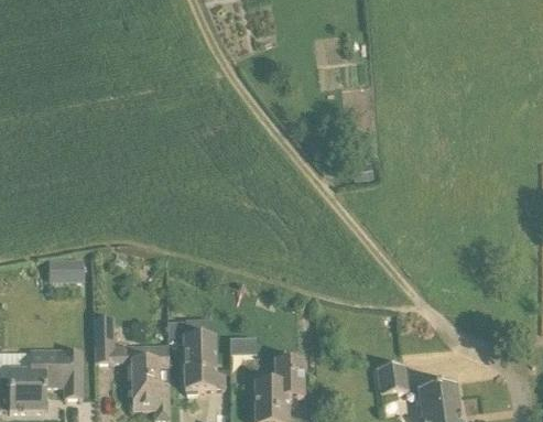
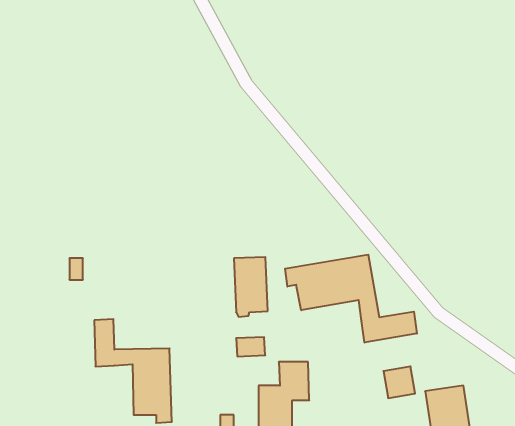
building: none -> [285,255,417,343]
building: [182,335,215,393] -> [234,257,268,317]
building: [8,350,80,410] -> none

